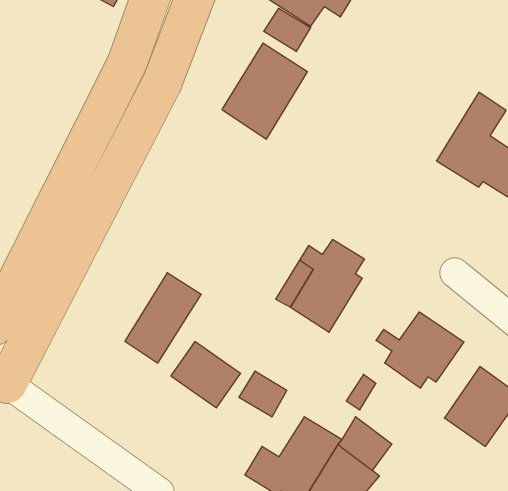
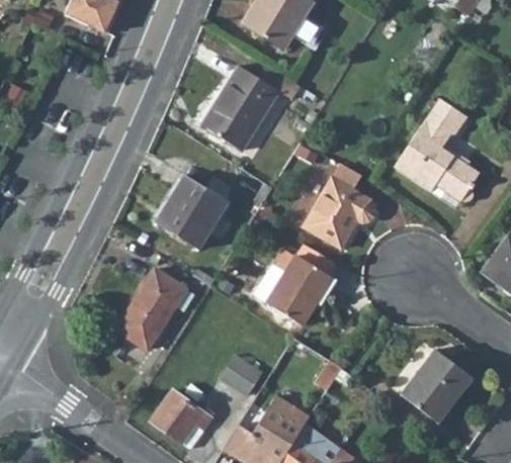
building: [264,8,311,52] -> none
building: none -> [159,176,229,248]
building: none -> [304,178,373,242]
building: [376,312,464,388] -> none
building: [171,342,241,408] -> [151,389,212,448]

